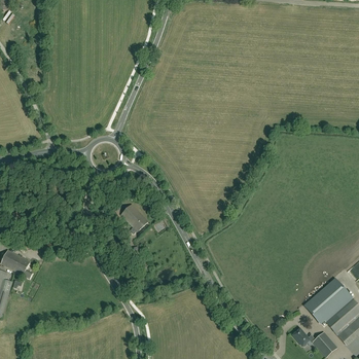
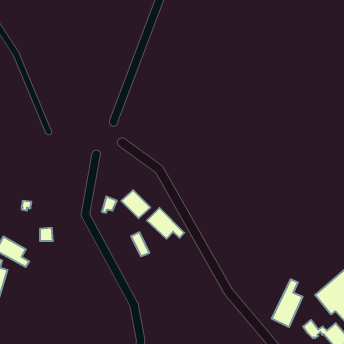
building: none -> [147,208,184,239]
building: none -> [272,279,303,327]

